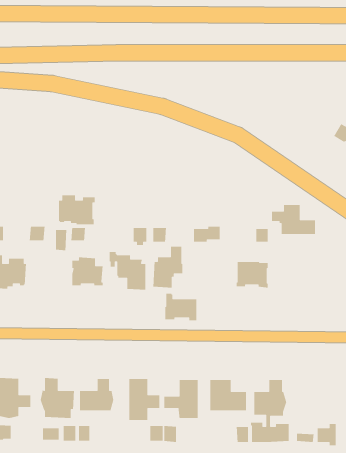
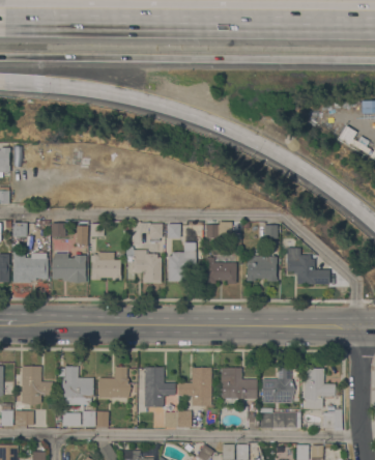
building: [58,194,95,225] -> [52,253,87,282]
building: [271,204,316,235] -> [287,255,329,284]
building: [164,293,197,321] -> [205,257,236,284]
building: none -> [305,369,336,408]

